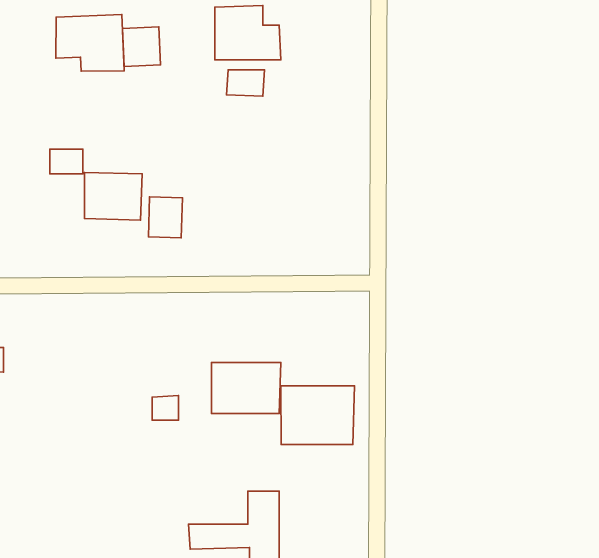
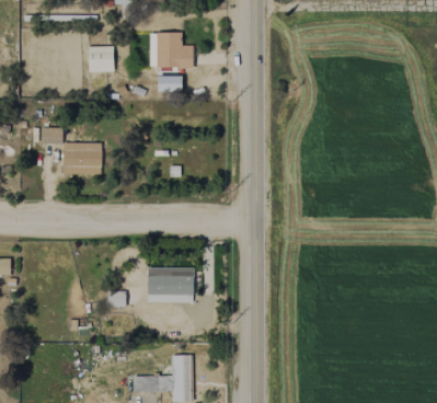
building: [56,14,124,71] -> none
building: [148,197,182,238] -> none
building: [281,386,354,444] -> none

